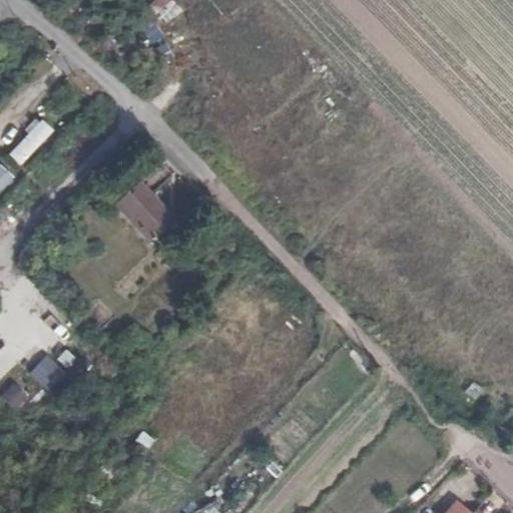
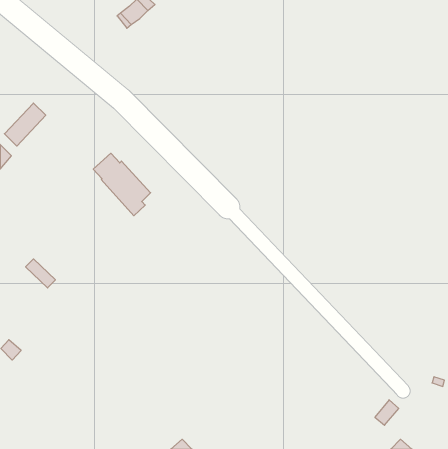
building: [30,354,69,393] -> none

